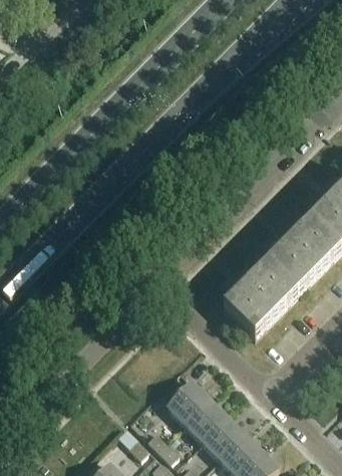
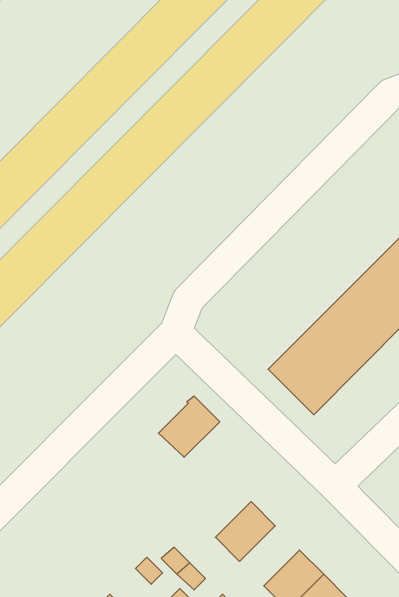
building: [165,379,209,422] -> [158,396,220,457]
building: [201,414,243,456] -> none

